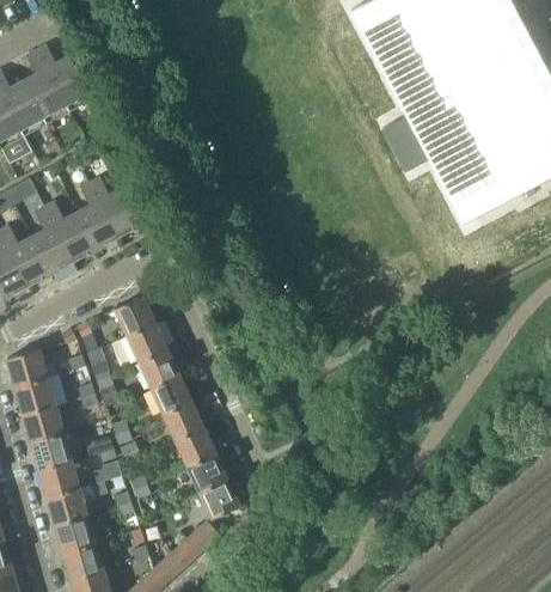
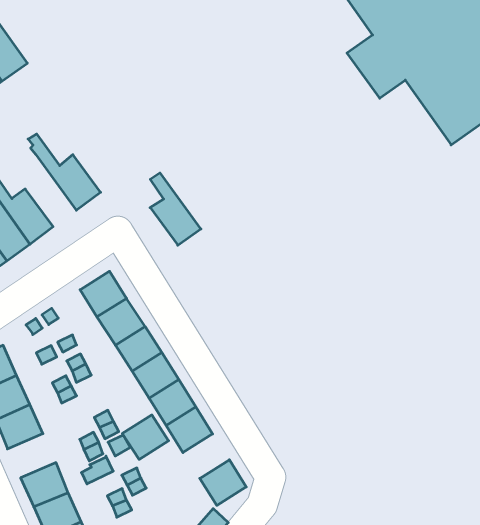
building: [76,181,120,248] -> [150,173,201,245]
building: [30,432,72,469] -> none
building: [186,452,227,490] -> [122,415,169,459]

